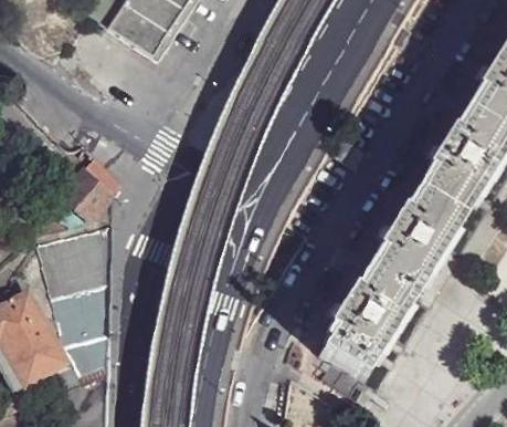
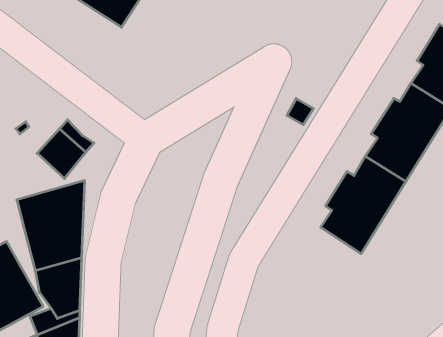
building: [319,275,413,384] -> none

